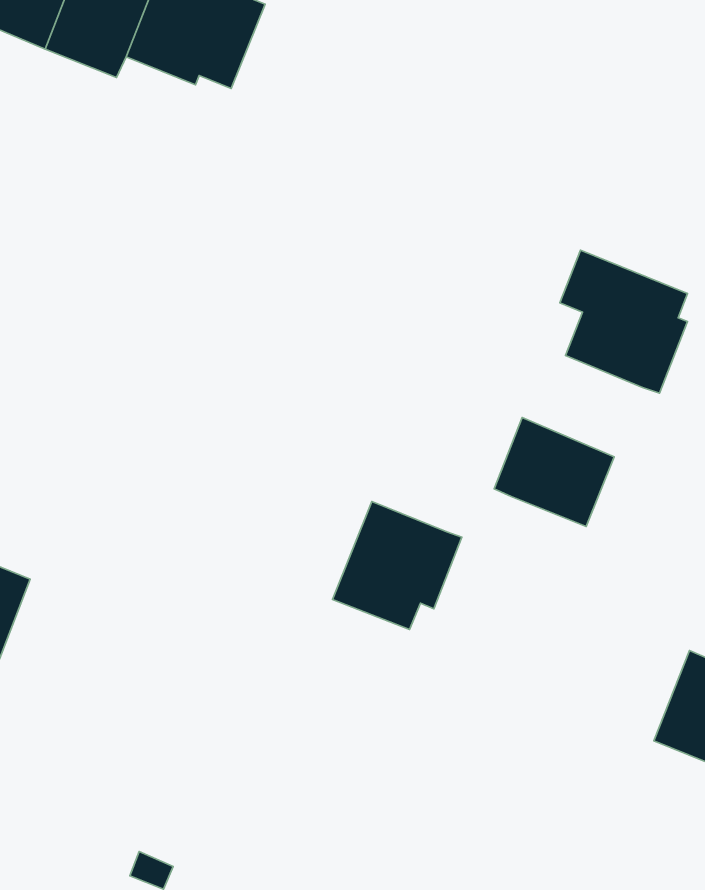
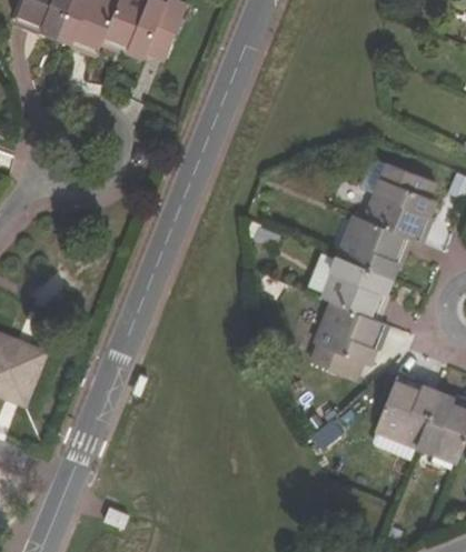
building: none -> [337,214,408,279]
building: [332,502,462,629] -> [307,302,384,378]
building: none -> [375,377,436,446]

